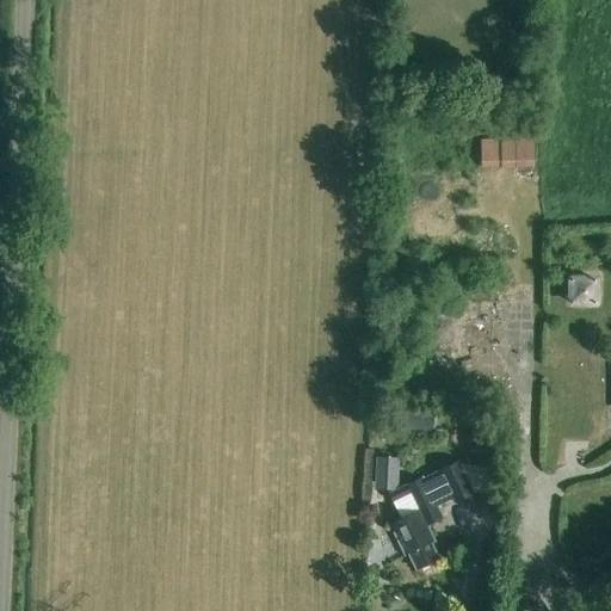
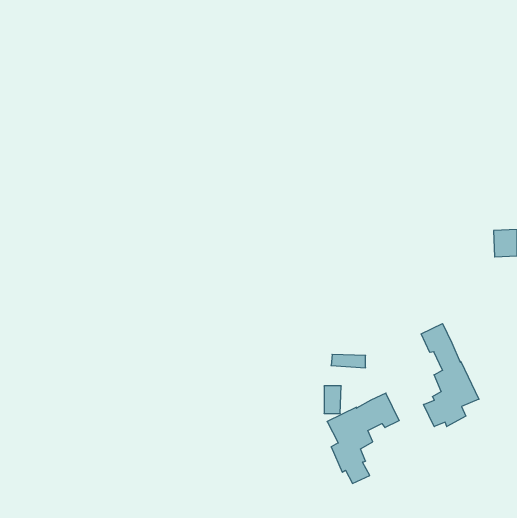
building: [476,140,532,165] -> none
building: none -> [421,324,479,427]

